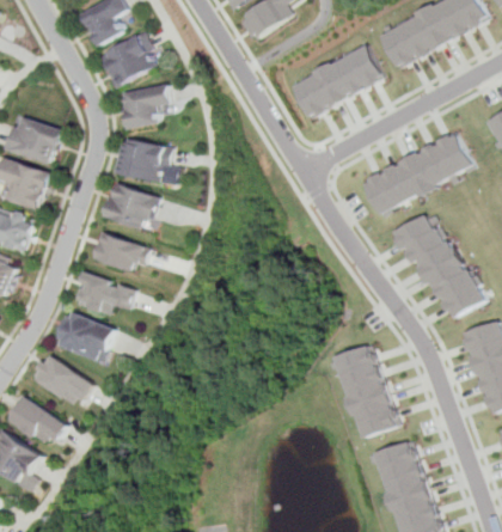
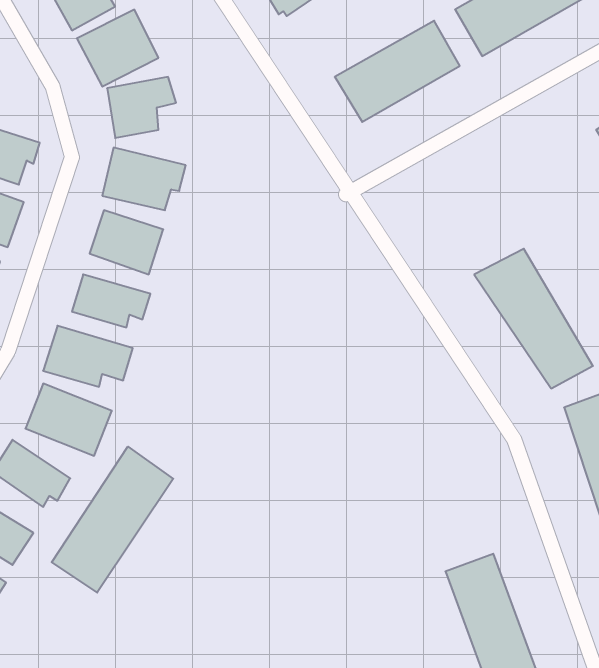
building: [365,133,475,216] -> none
building: [335,344,402,439] -> none
building: none -> [52,447,173,593]

